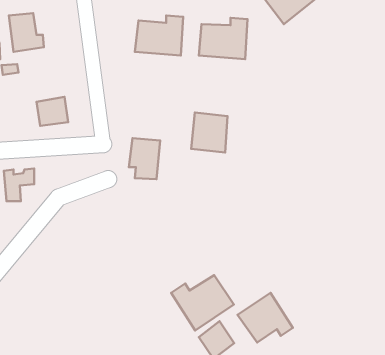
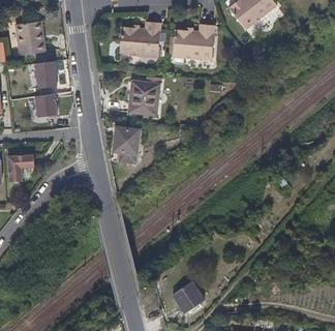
building: none -> [37,65,65,85]
building: [191,112,228,152] -> [127,81,158,115]
building: [171,275,234,331] -> none
building: [238,293,293,343] -> none

